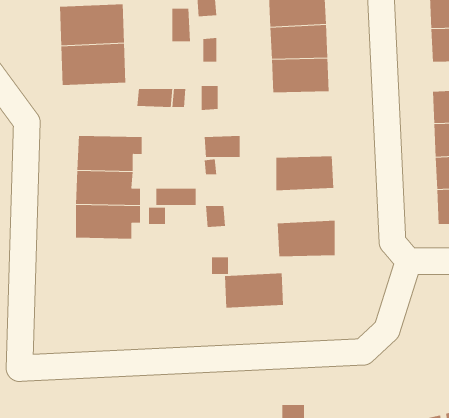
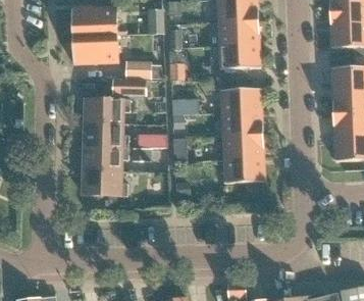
building: none -> [112,80,146,96]
building: none -> [221,89,262,114]
building: none -> [82,170,127,196]
building: [224,273,284,308] -> [222,136,264,160]

